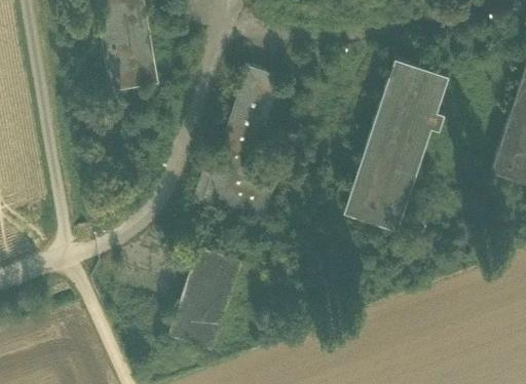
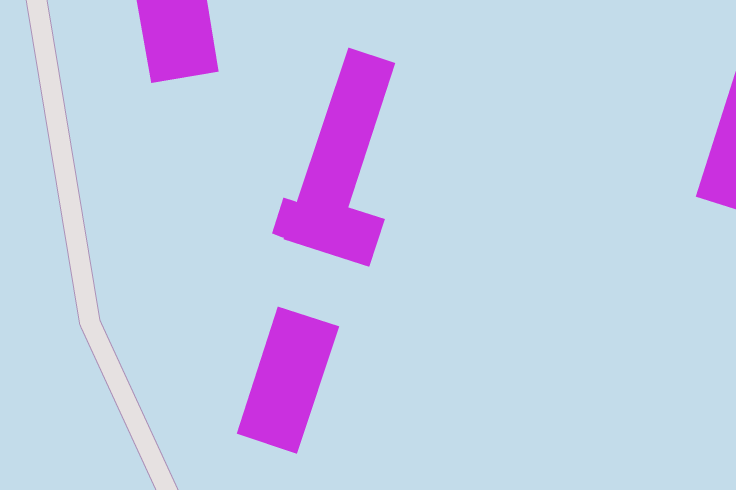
building: [344,56,449,229] -> none

